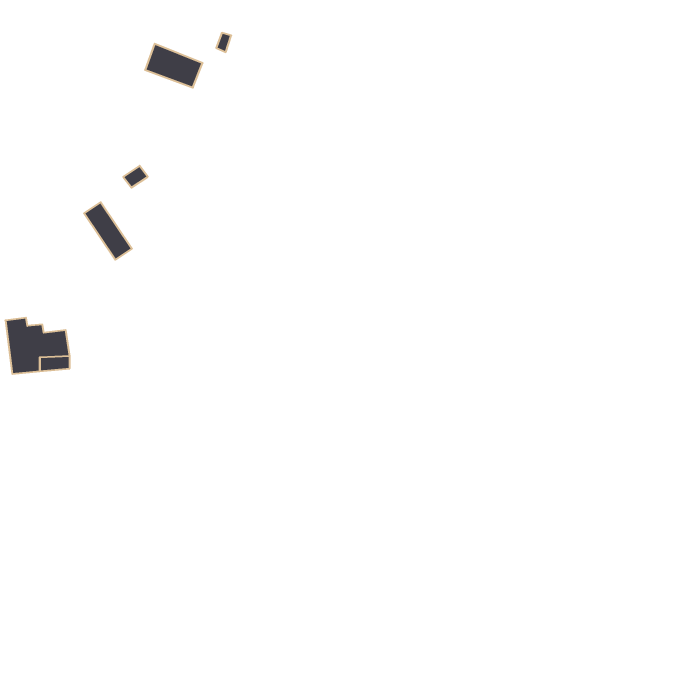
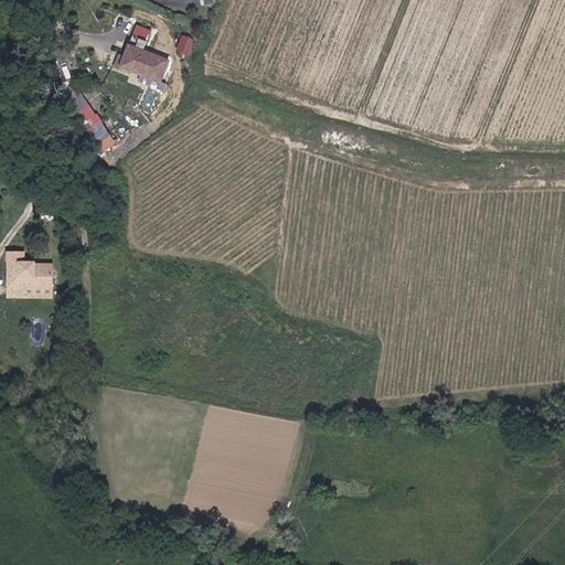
building: [84,202,132,260] -> [71,96,109,142]

